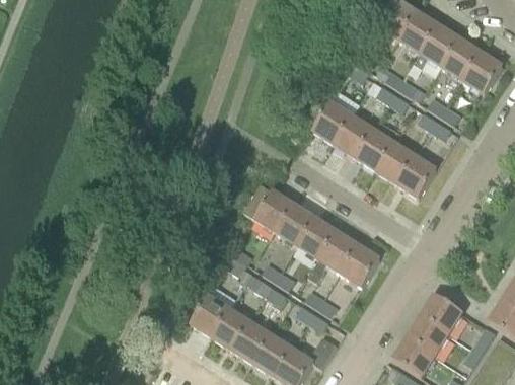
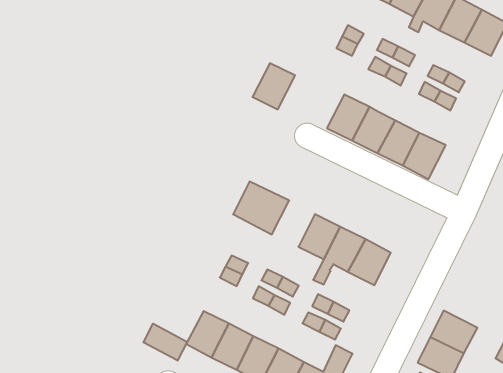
building: [312,102,352,144] -> [252,63,295,109]
building: [276,205,315,246] -> none
building: [421,294,462,333] -> none
building: none -> [143,324,187,361]

